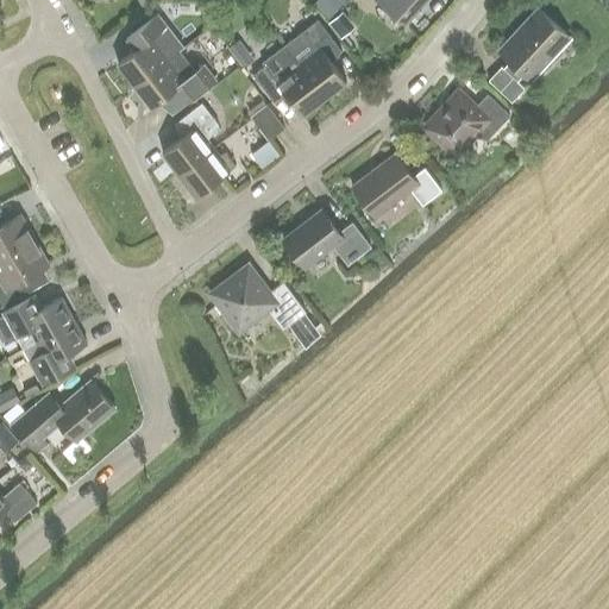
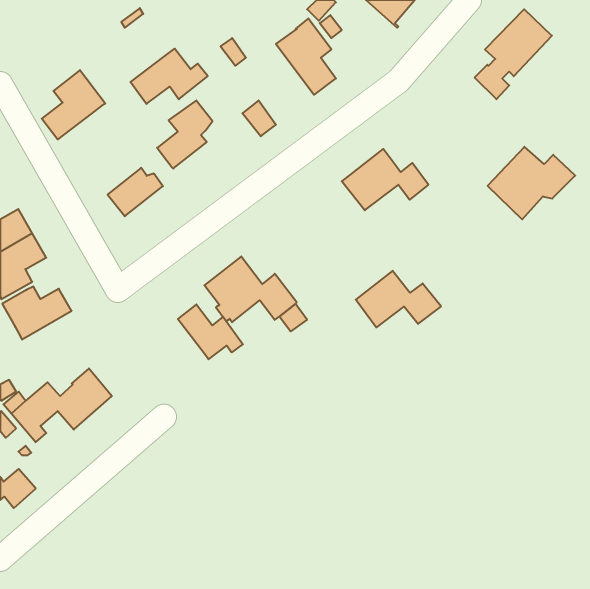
building: [118,14,183,86] -> [42,70,105,139]
building: [253,46,324,117] -> none
building: [420,87,510,162] -> [488,147,575,219]
building: [178,147,236,197] -> [108,168,163,216]
building: [283,211,371,269] -> [356,271,441,327]
building: none -> [178,304,243,359]
building: [23,321,87,387] -> none

